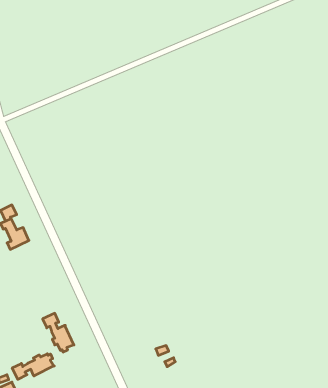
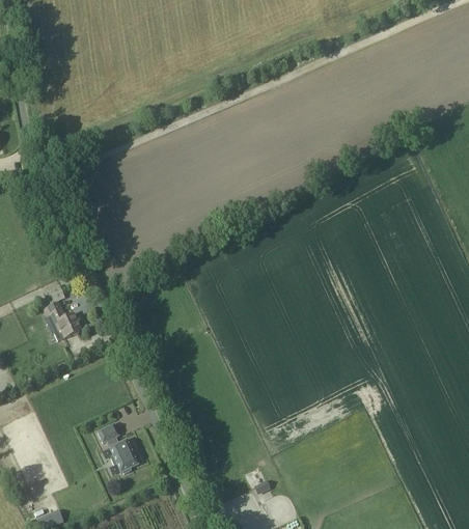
building: [12,354,54,379] -> none

